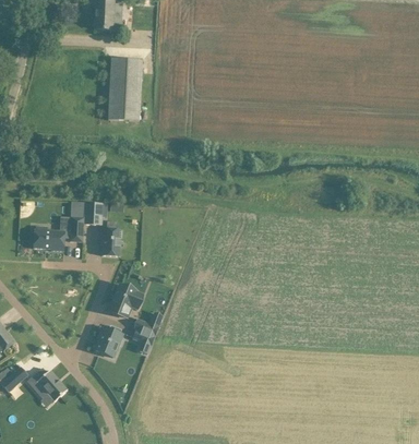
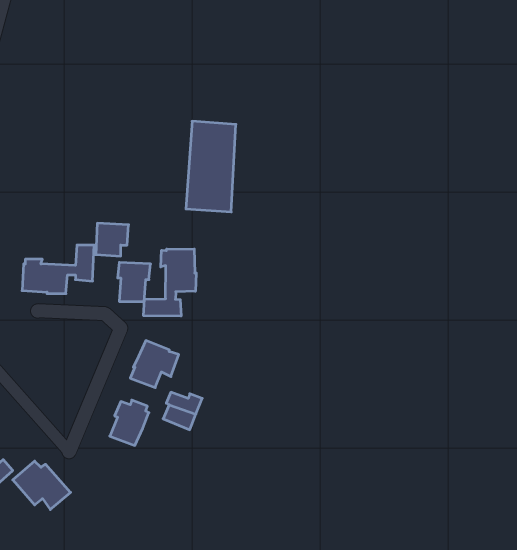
building: [106,57,141,120] -> [186,121,236,212]
building: none -> [144,249,196,316]

